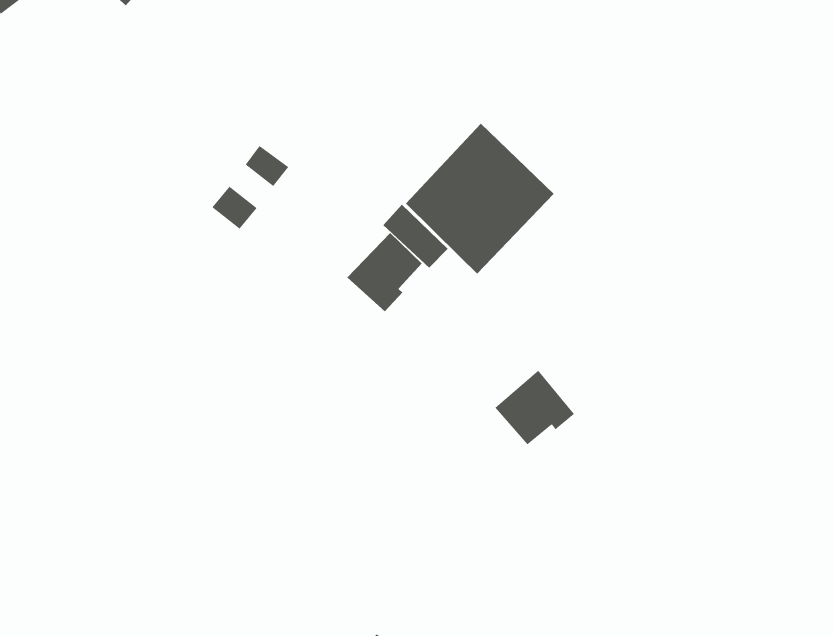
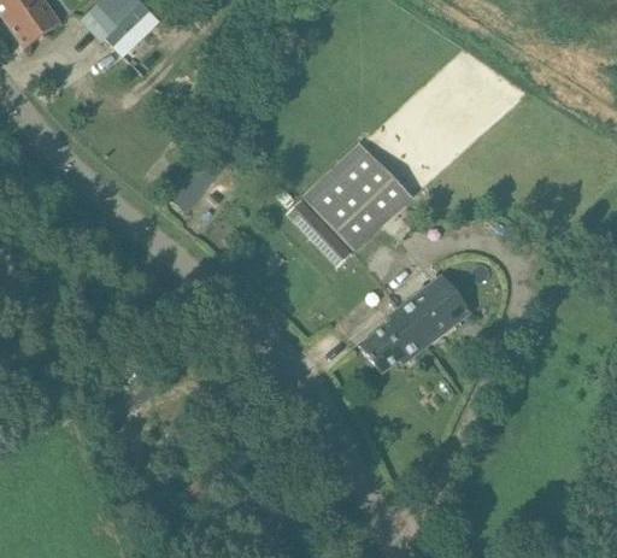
building: [347,232,422,312] -> none
building: none -> [389,275,471,352]

